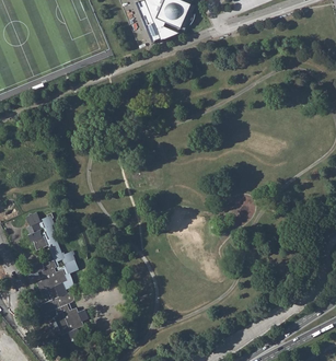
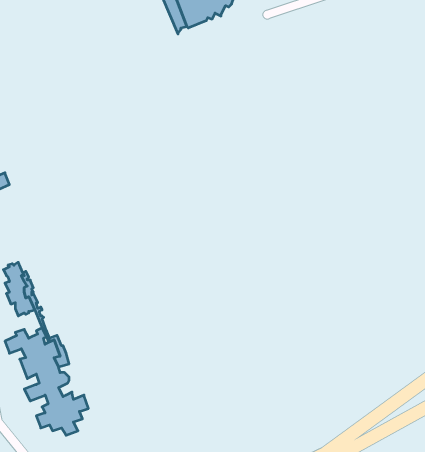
building: [40,212,78,272] -> none

